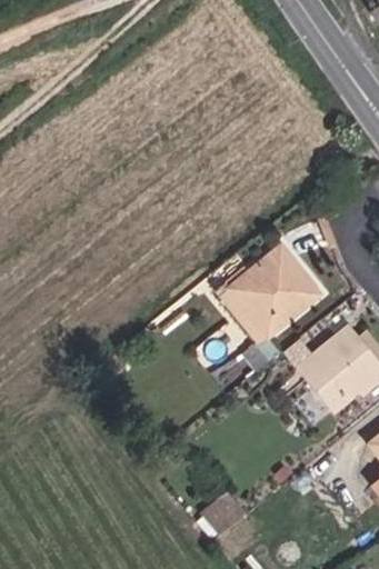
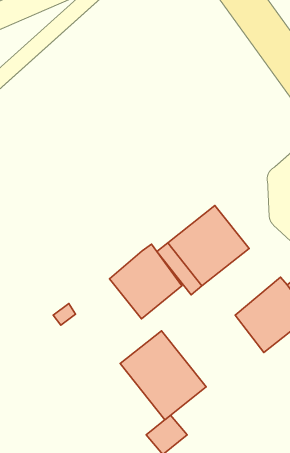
building: none -> [109,244,182,319]
building: none -> [120,331,206,420]

